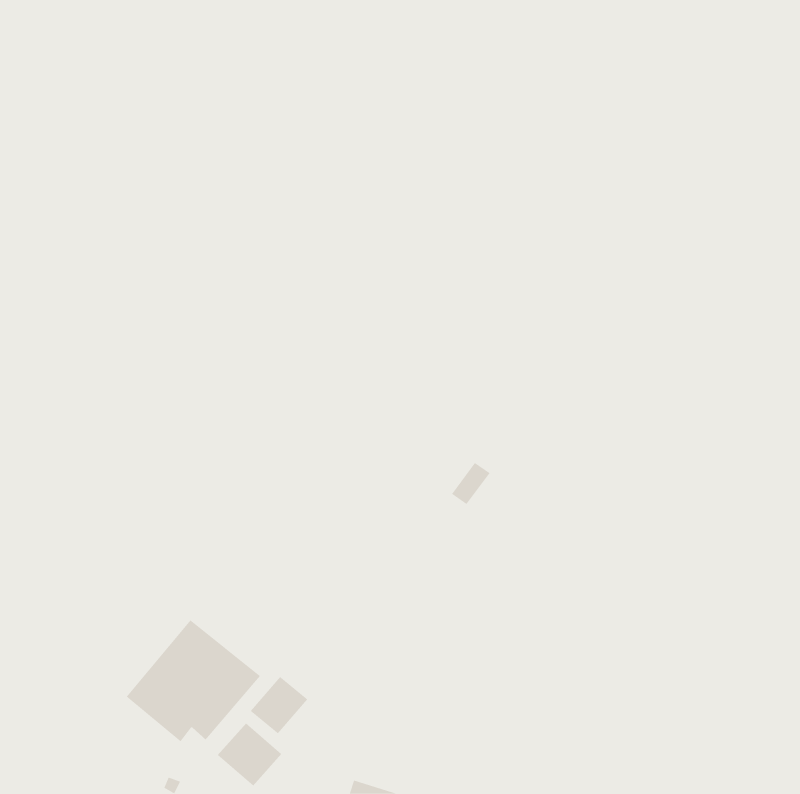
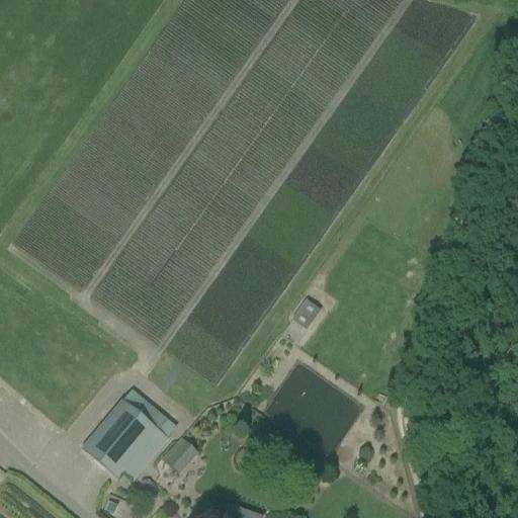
building: [217,722,282,786] -> none

